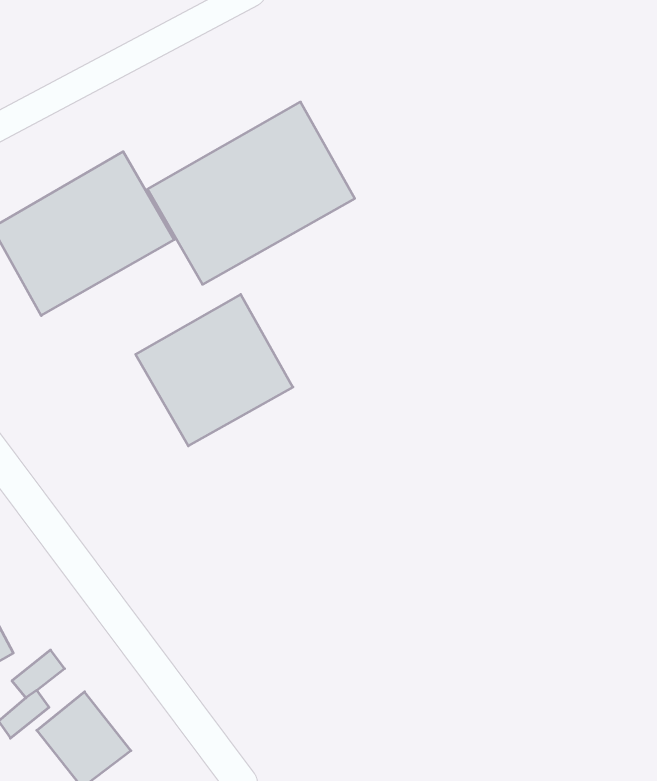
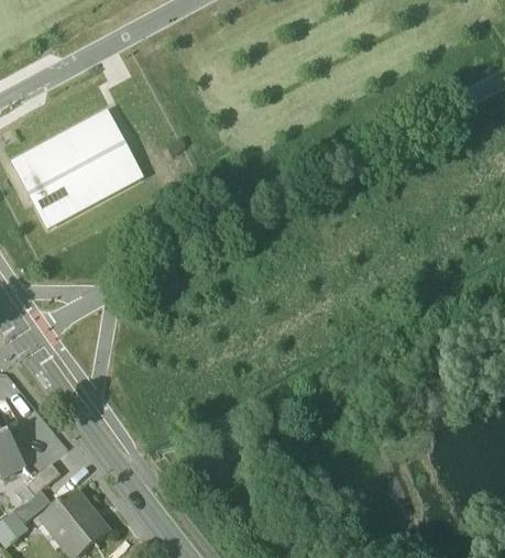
building: [147,102,355,284] -> none
building: [136,294,293,446] -> none

